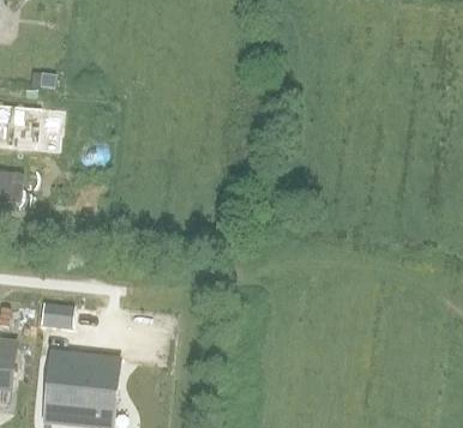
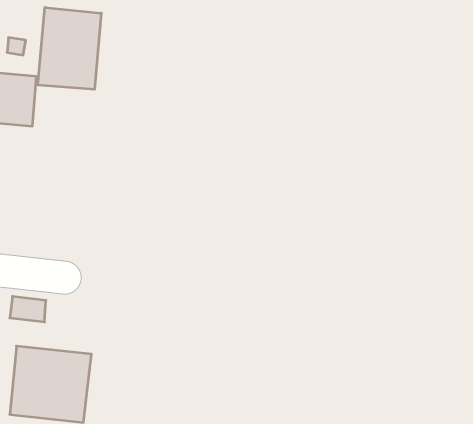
building: none -> [38,7,101,89]

